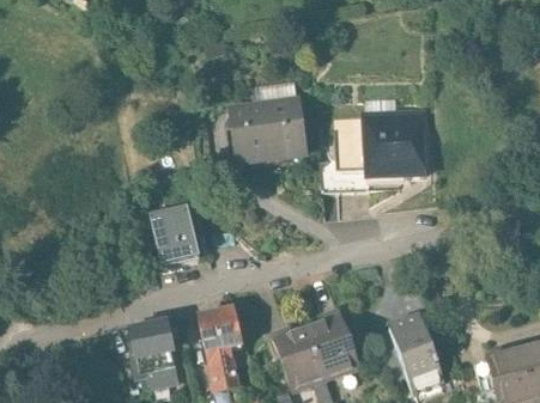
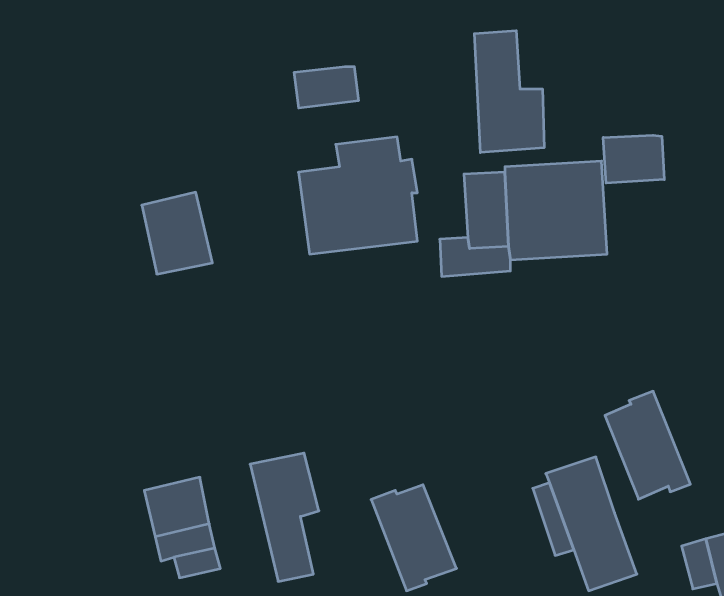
building: none -> [474,31,544,153]
building: none -> [294,67,358,108]
building: none -> [603,135,664,183]
building: [151,208,196,261] -> [142,192,212,274]
building: [308,307,363,377] -> [605,391,690,499]

